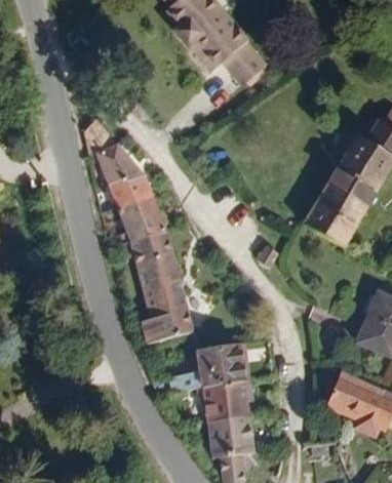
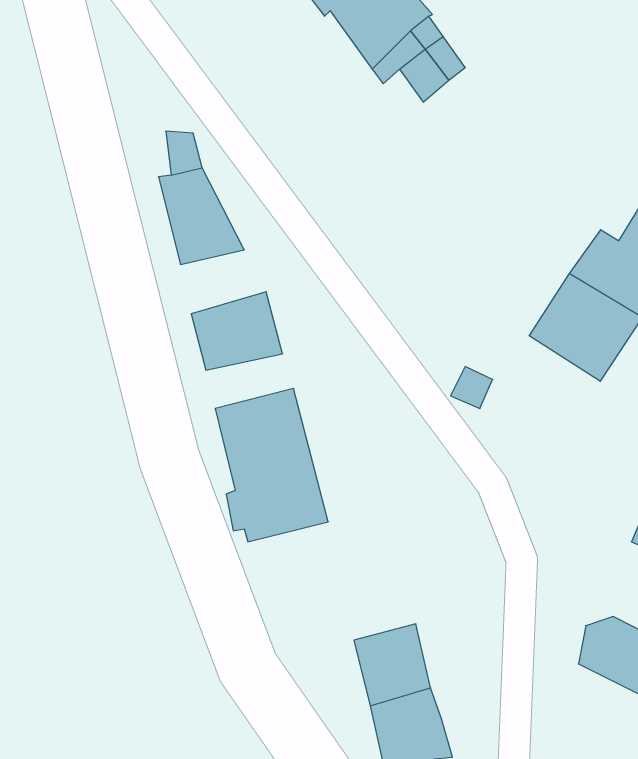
building: [106,170,154,206] -> none
building: [120,229,169,259] -> none
building: [171,343,238,396] -> none

